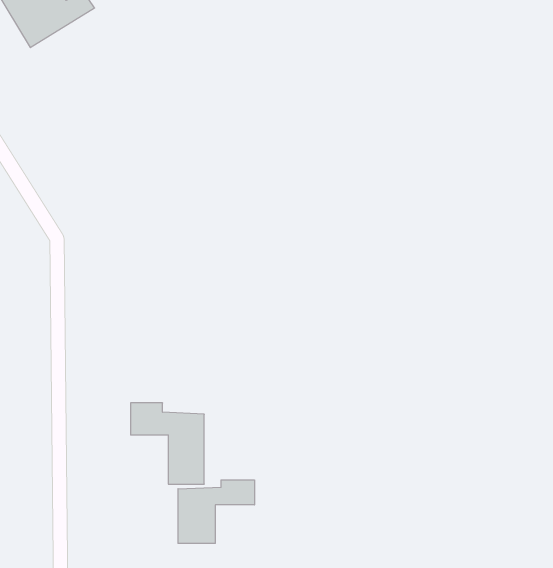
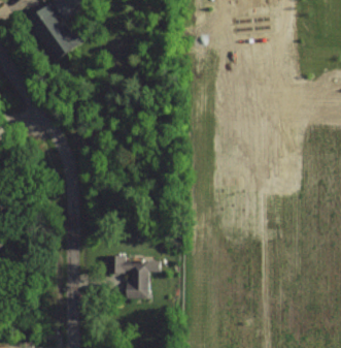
building: [178,480,254,543] -> none

